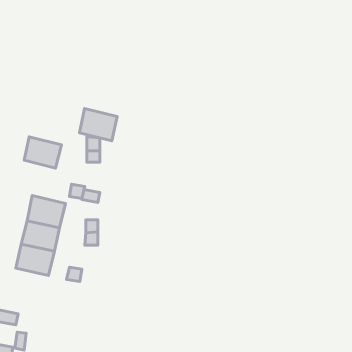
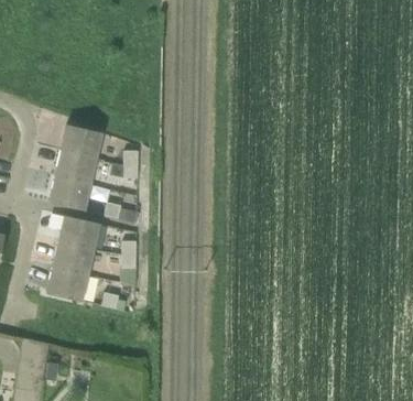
building: [80,108,117,141] -> [61,124,101,160]
building: none -> [48,176,89,212]

